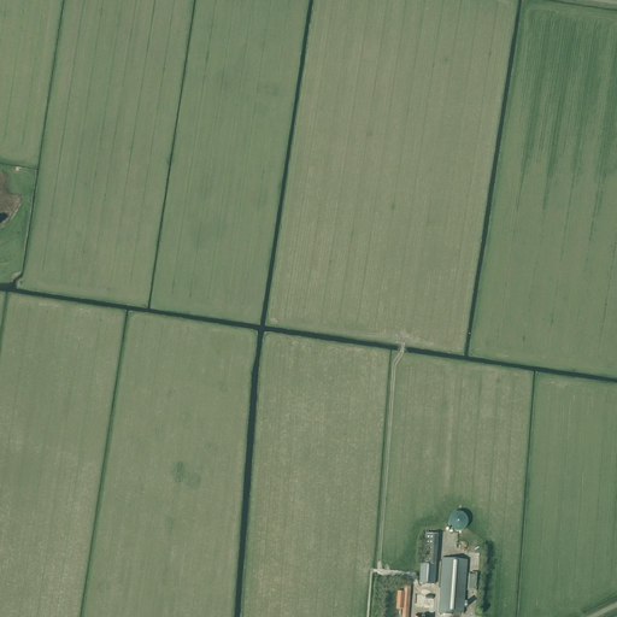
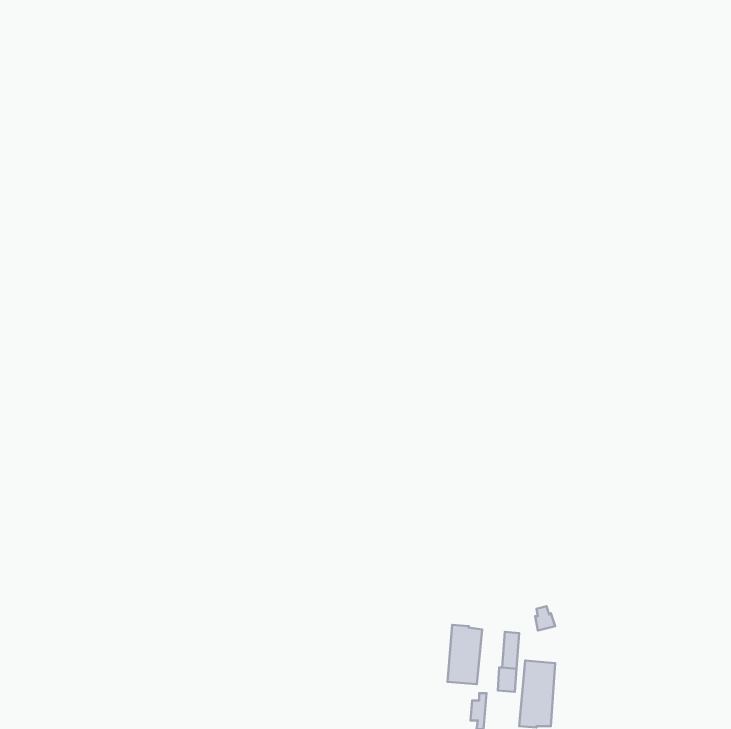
building: none -> [447,625,482,684]

